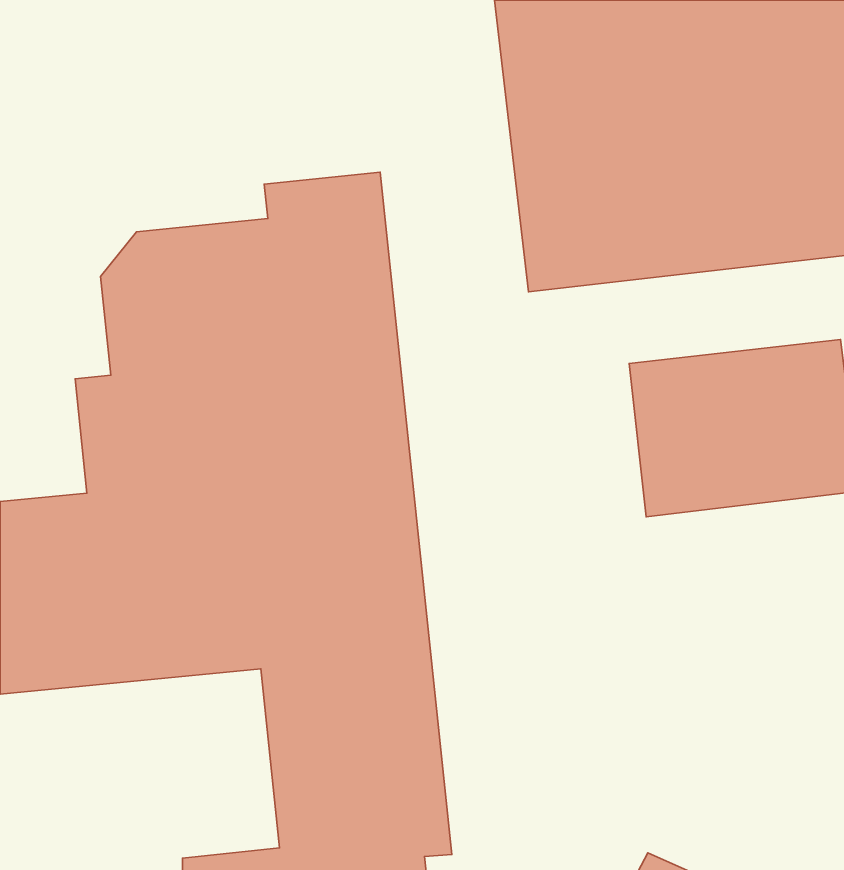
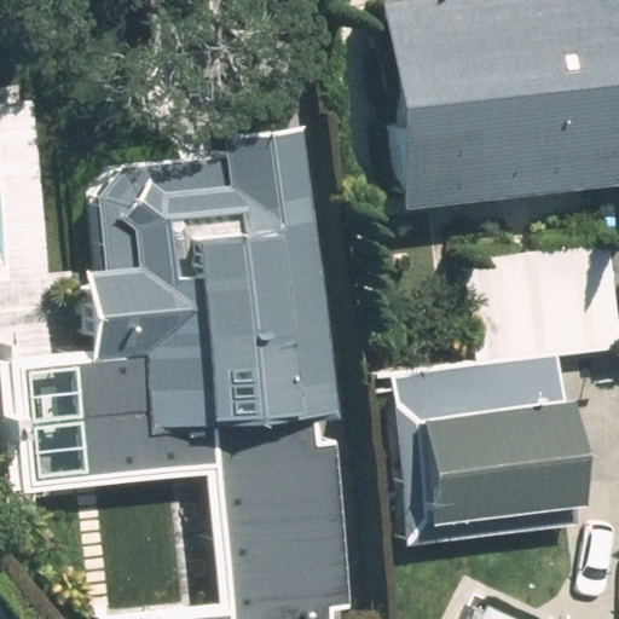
building: none -> [411,399,582,525]

